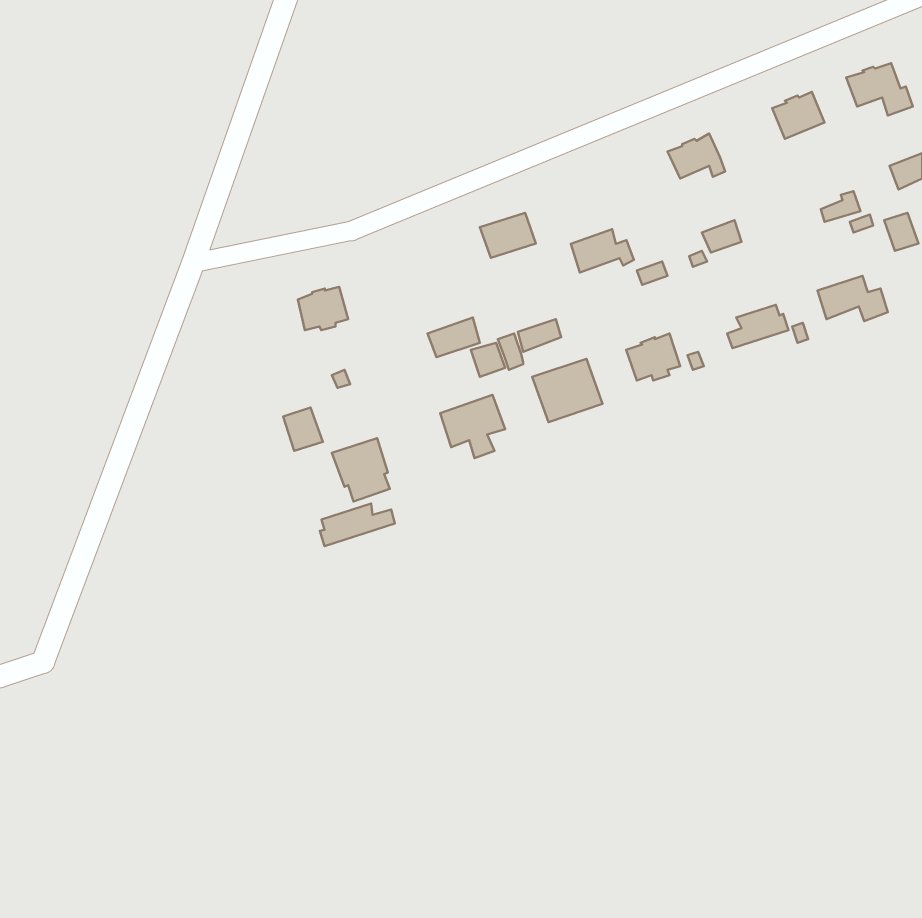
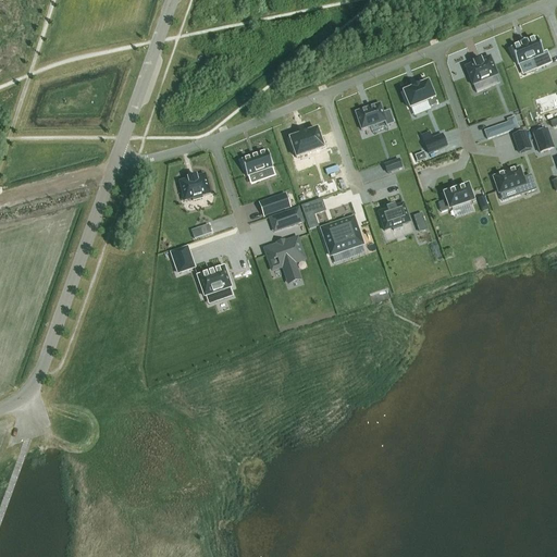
building: [571,229,634,273] -> [356,103,394,129]
building: none -> [240,150,274,177]
building: [320,503,395,546] -> none

